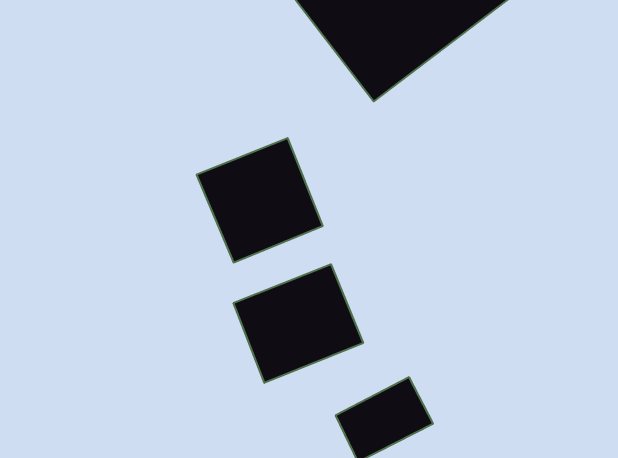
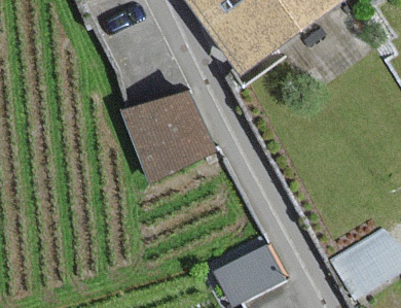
building: [234,264,363,383] -> none

